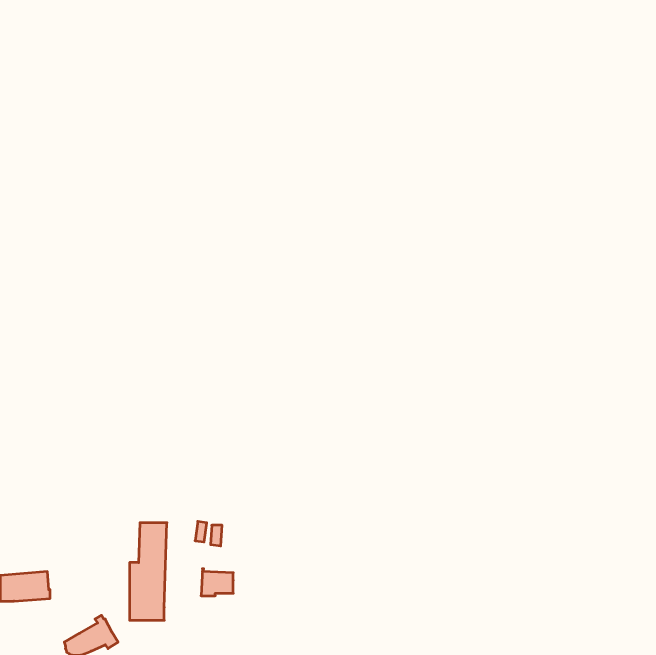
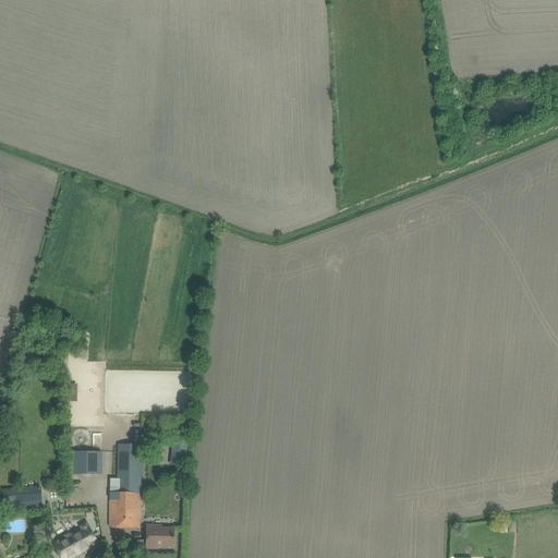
building: none -> [69,450,101,473]
building: [201,569,233,596] -> [146,524,173,547]

